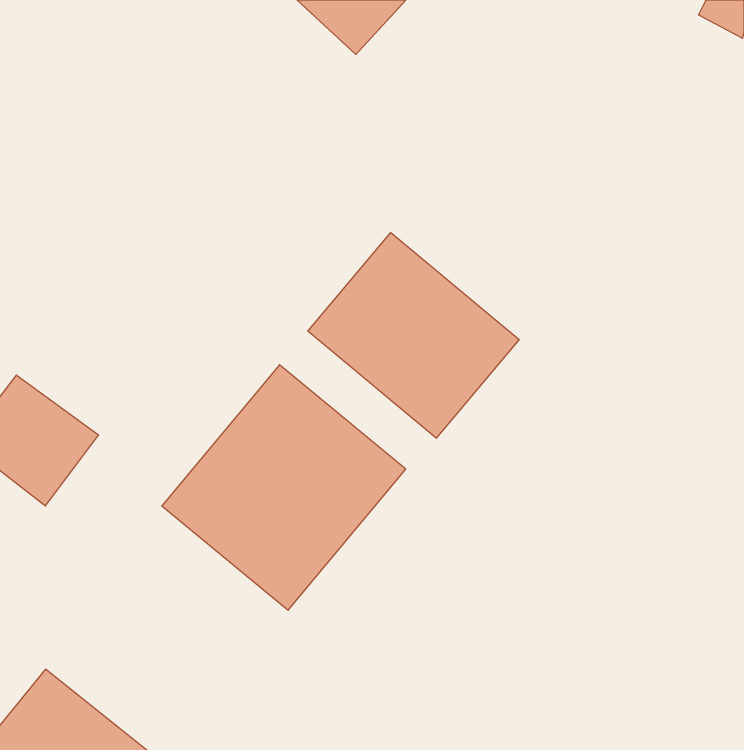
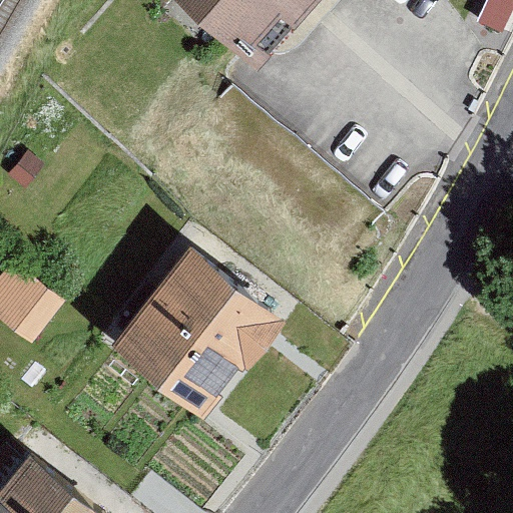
building: [308,233,519,438] -> none

